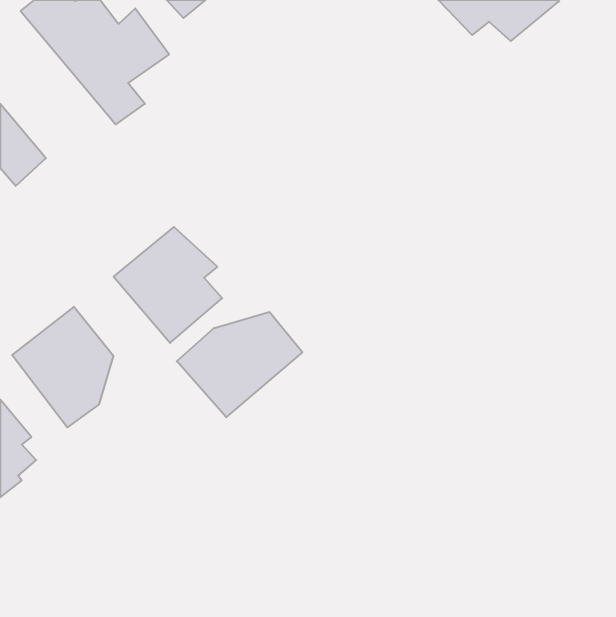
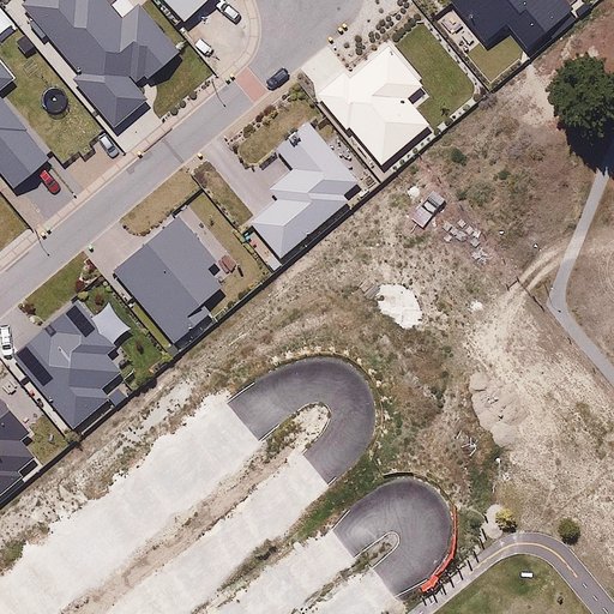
building: none -> [320,40,429,167]
building: none -> [251,121,357,255]
building: [177,312,302,417] -> none

